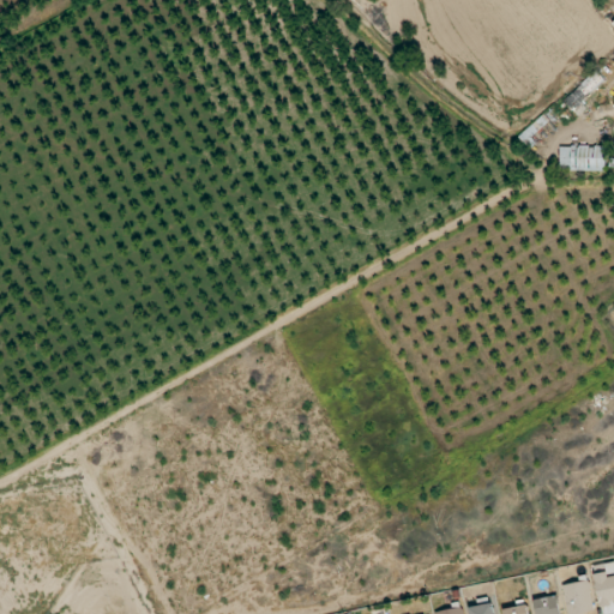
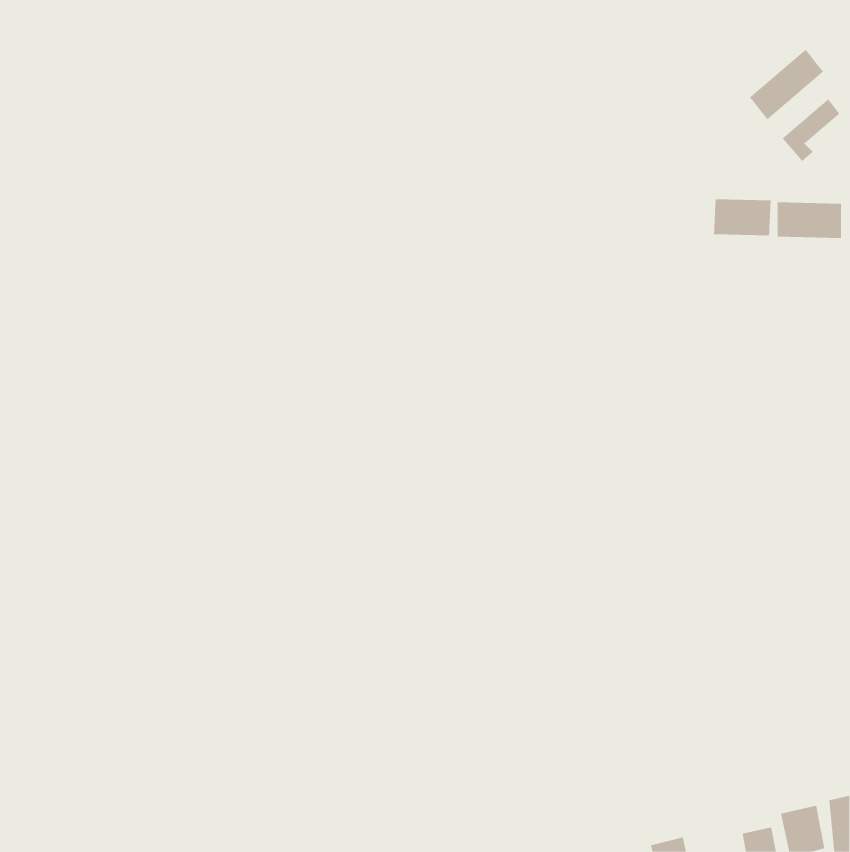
building: none -> [749,49,824,120]
building: none -> [714,198,771,236]

